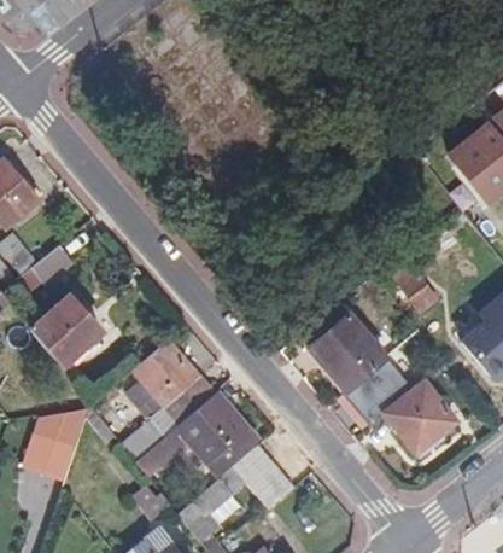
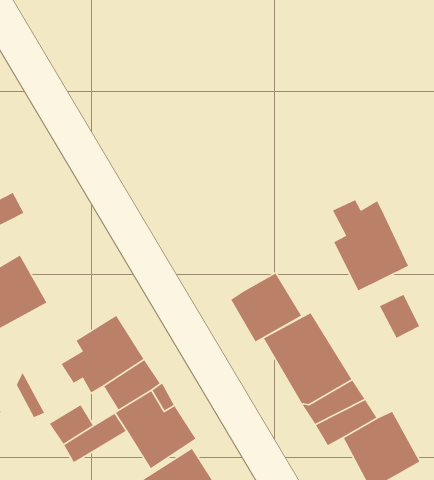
building: none -> [332,199,409,292]
building: none -> [230,273,302,342]

